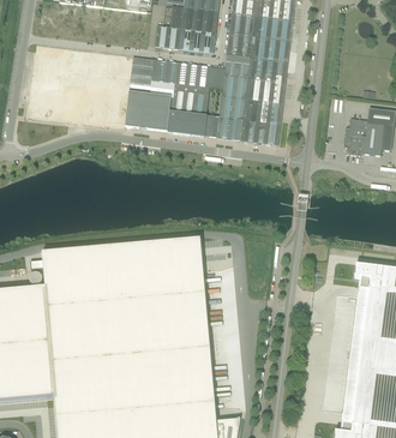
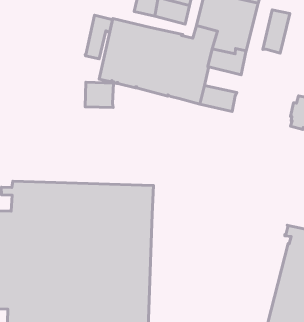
building: none -> [263,10,290,53]
building: none -> [85,15,113,59]
building: [244,96,283,121] -> none
building: none -> [85,82,114,108]

